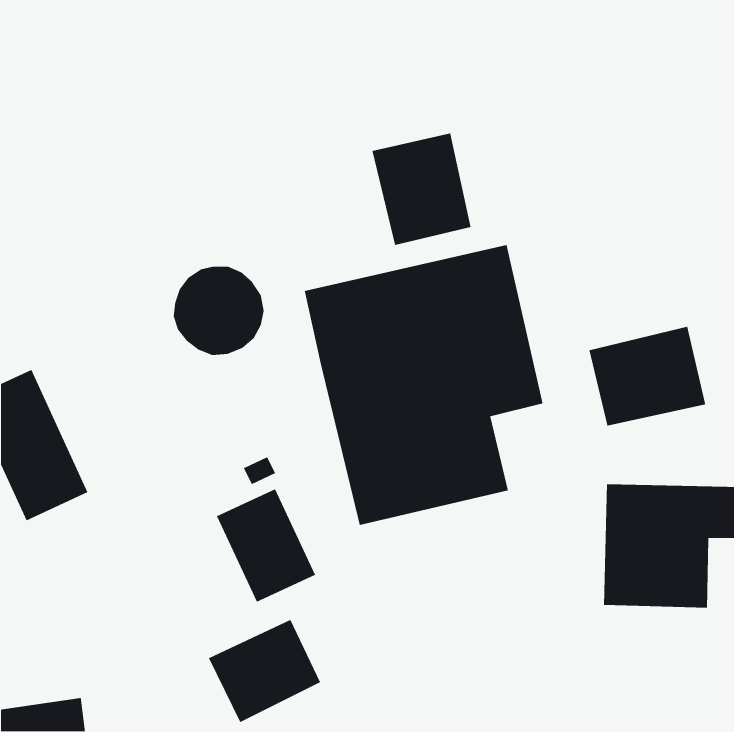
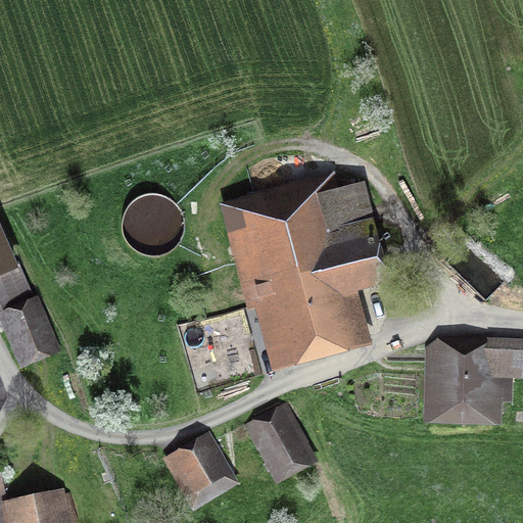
building: [371,132,472,246] -> none
building: [589,326,706,427] -> none
building: [216,488,316,603] -> [244,401,315,482]

